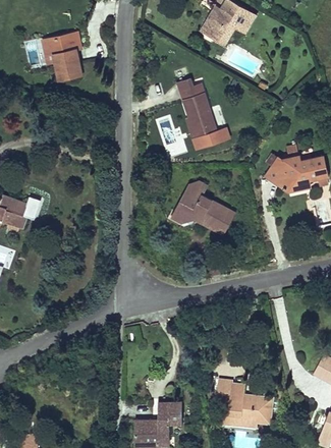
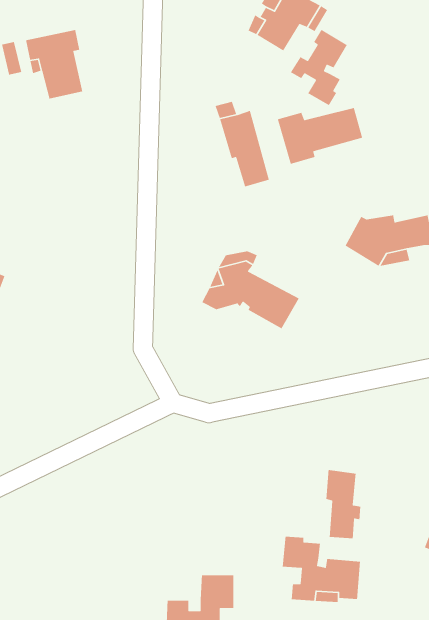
building: none -> [290,29,348,106]
building: none -> [277,107,363,165]
building: none -> [325,469,361,539]

